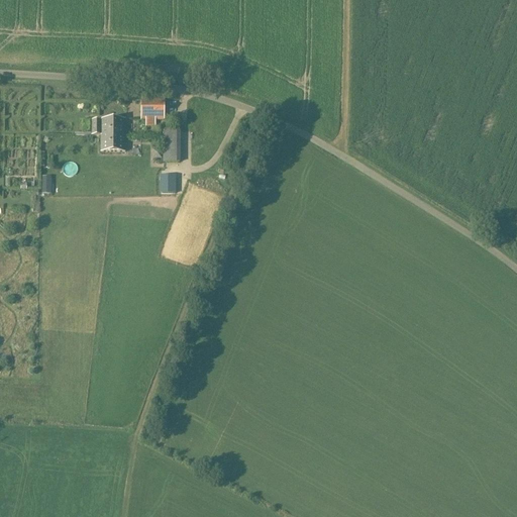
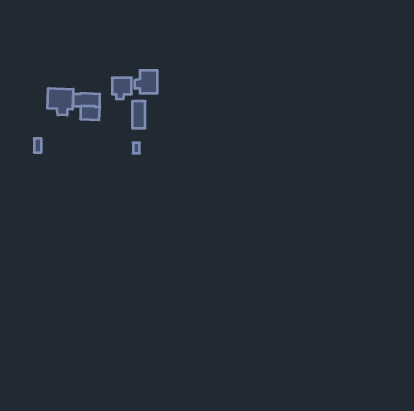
building: none -> [135,70,157,93]
building: none -> [48,88,73,115]

